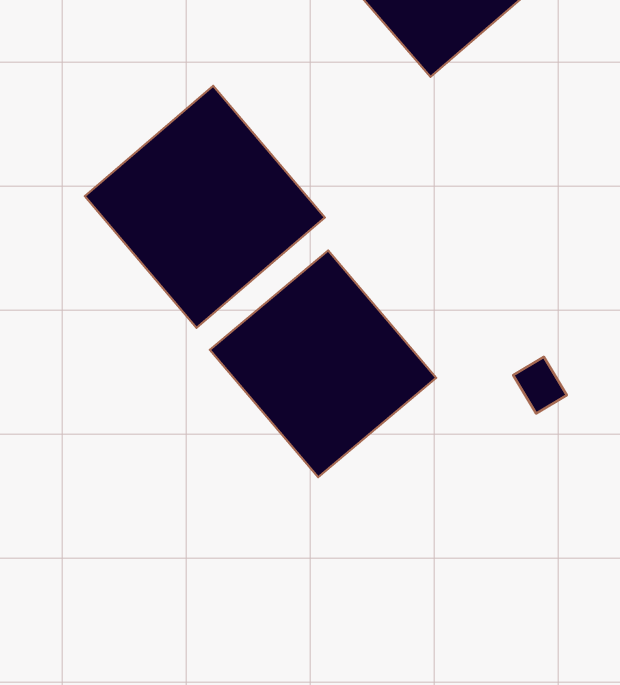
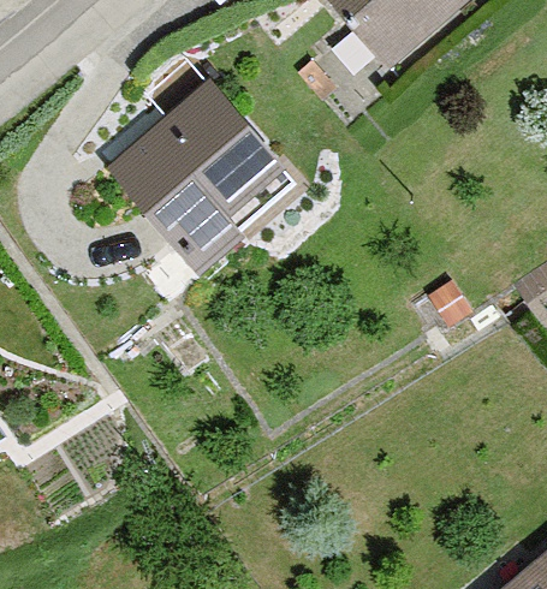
building: [210,250,436,477] -> none

